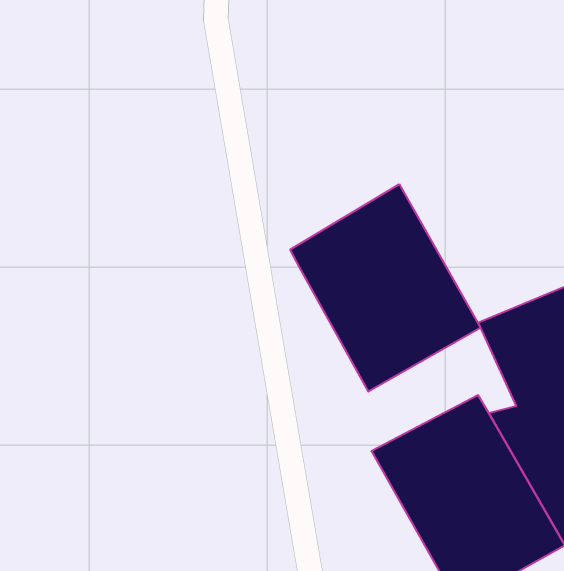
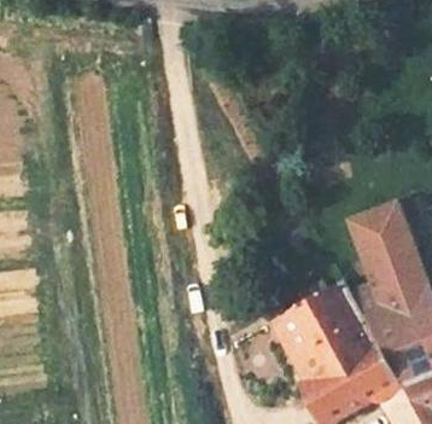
building: [290,184,480,392] -> none

